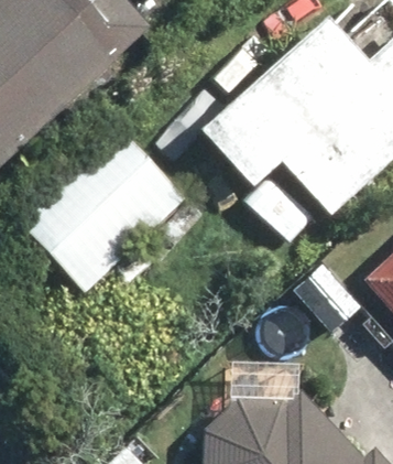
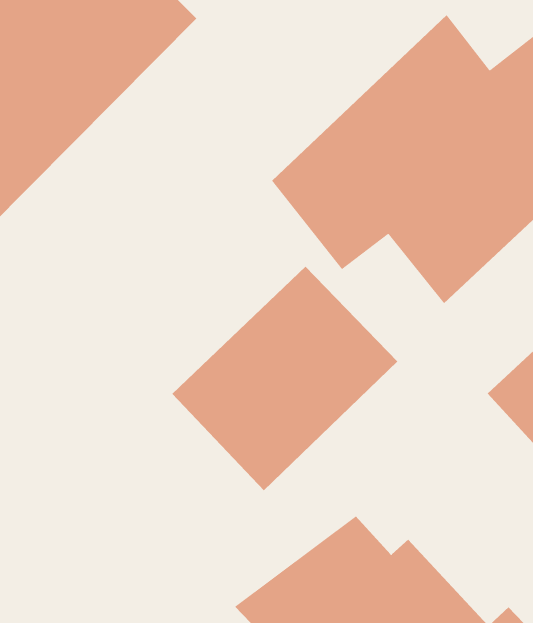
building: [25,129,187,290] -> [171,266,398,491]

